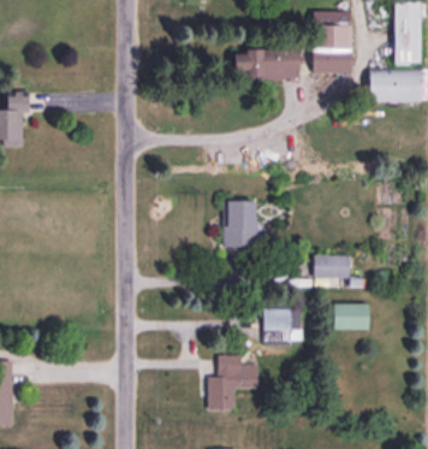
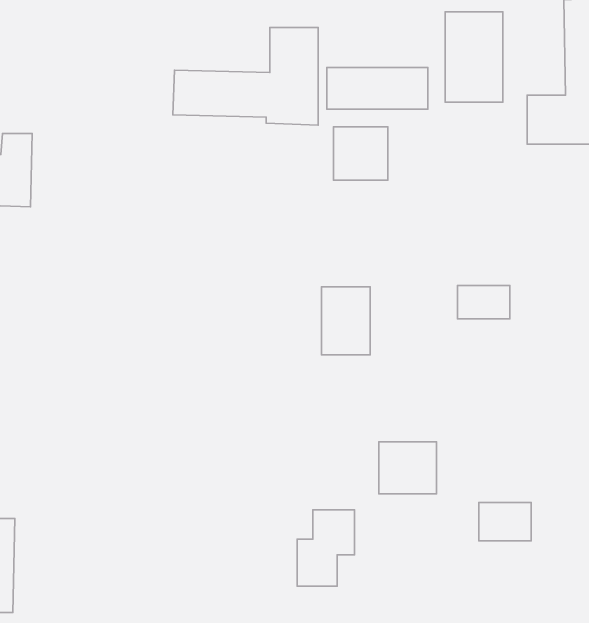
building: none -> [173,28,318,125]
building: none -> [334,127,388,180]
building: [315,255,351,278] -> [457,286,510,319]
building: [334,303,370,330] -> [479,503,531,541]

